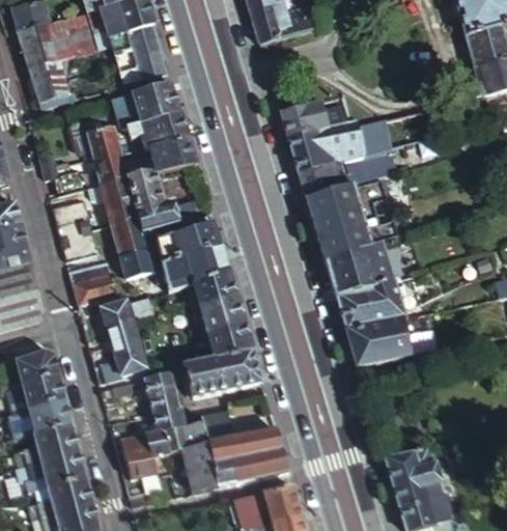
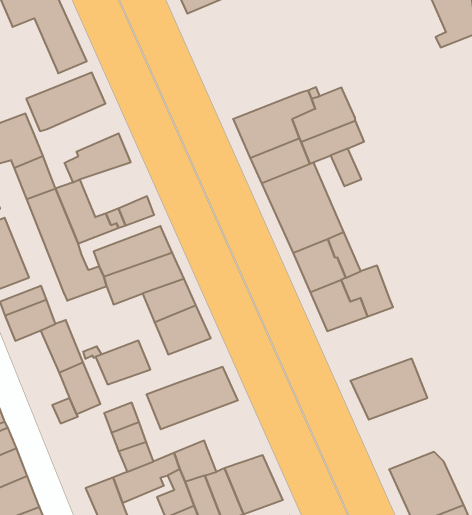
building: [280,101,329,138] -> none
building: [128,111,189,150] -> none
building: [346,317,411,365] -> [350,359,427,420]
building: [207,324,253,358] -> [96,341,150,384]

